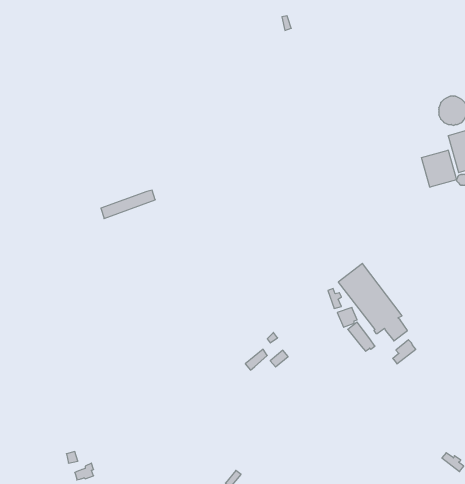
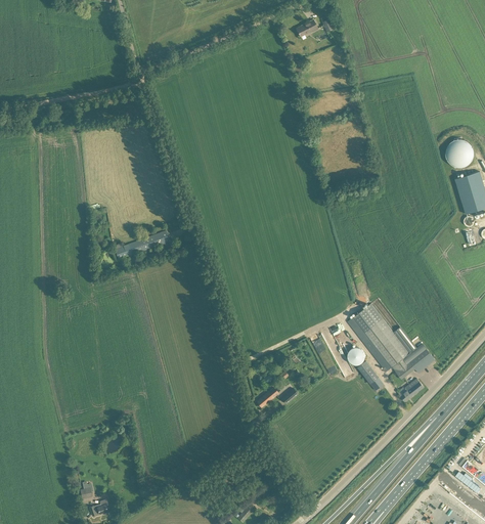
building: [421,150,457,187] -> none
building: none -> [393,326,434,373]

